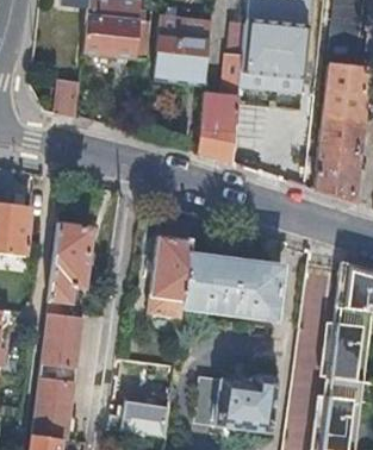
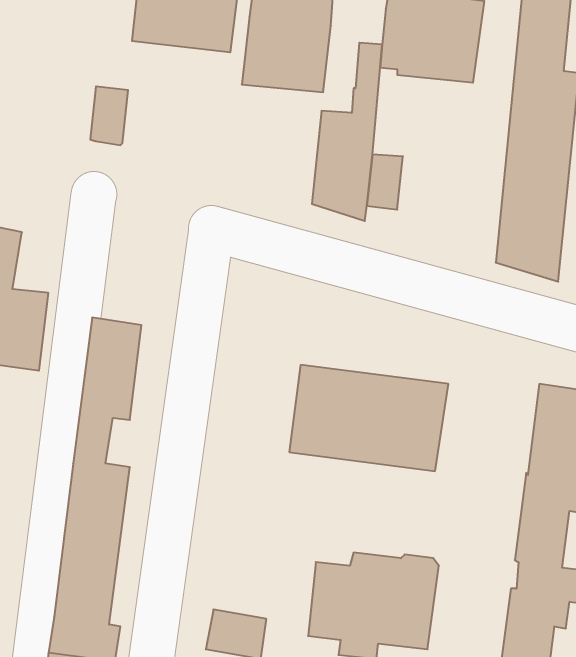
building: [149,220,195,319] -> none

